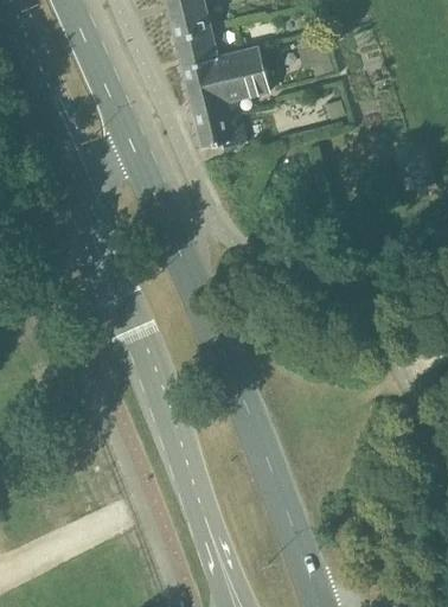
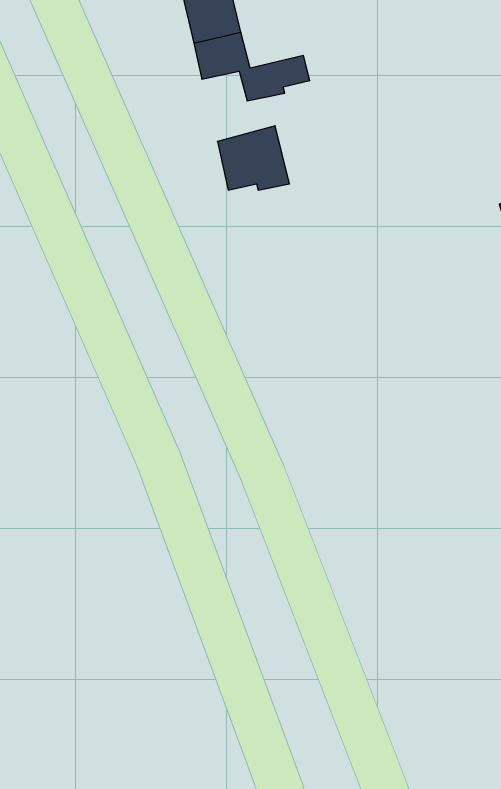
building: [180,57,269,110] -> none

